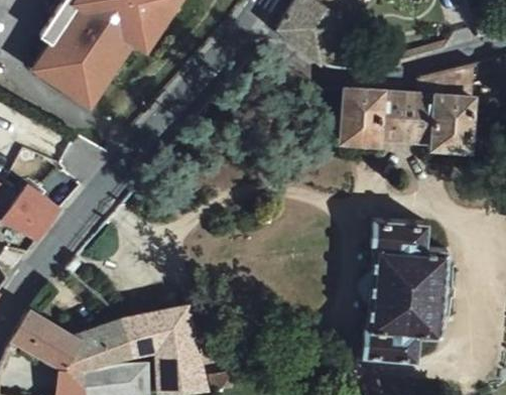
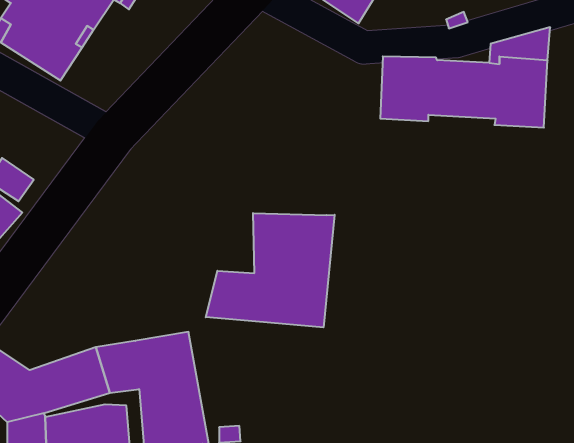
building: none -> [206,213,335,327]
building: [364,215,451,358] -> none

